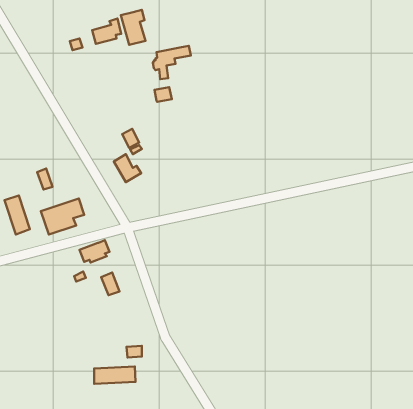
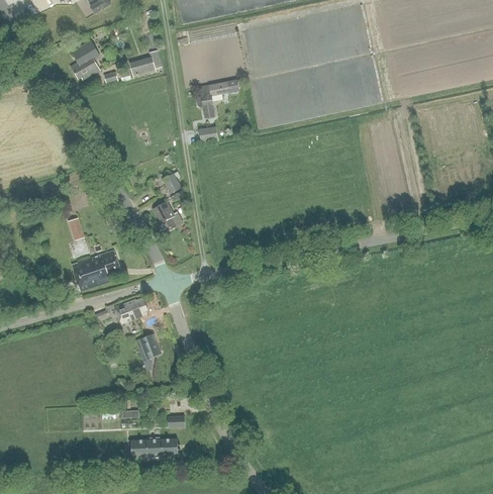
building: [121,10,146,45] -> none
building: none -> [70,39,99,79]
building: [4,196,30,234] -> none

